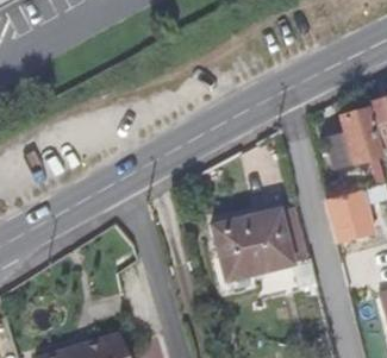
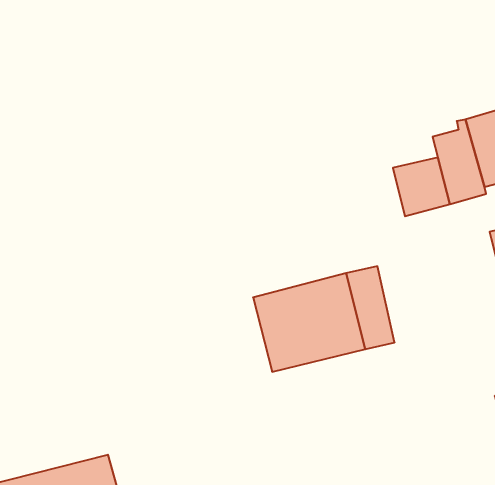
building: [327,188,373,237] -> none

